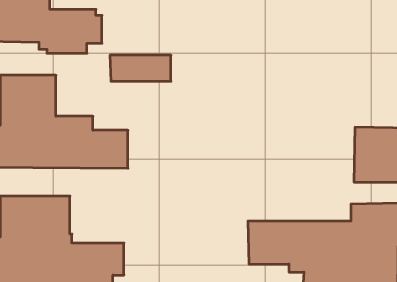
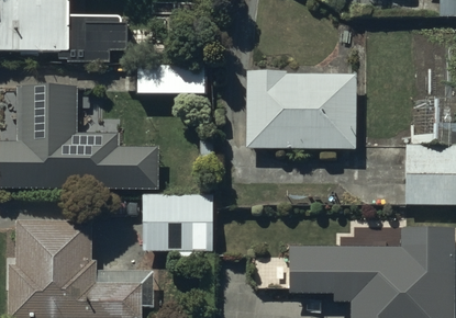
building: none -> [246,70,355,147]
building: none -> [143,194,213,250]

